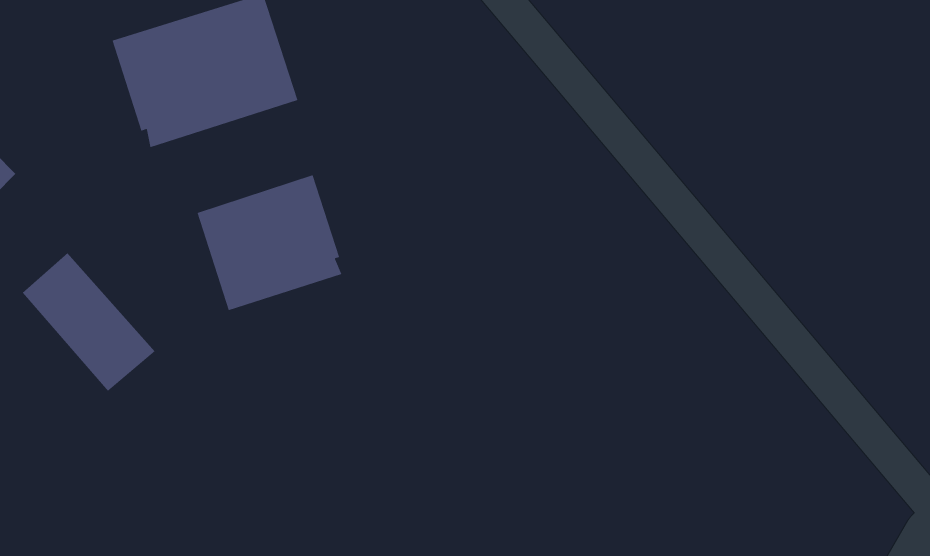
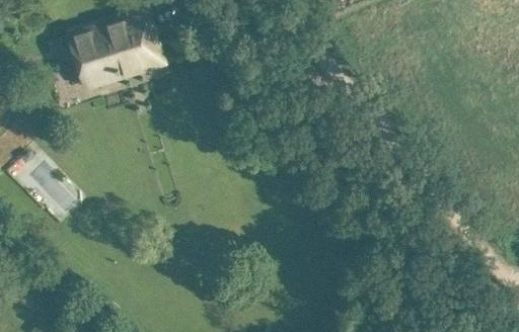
building: [196,174,343,311] -> none

